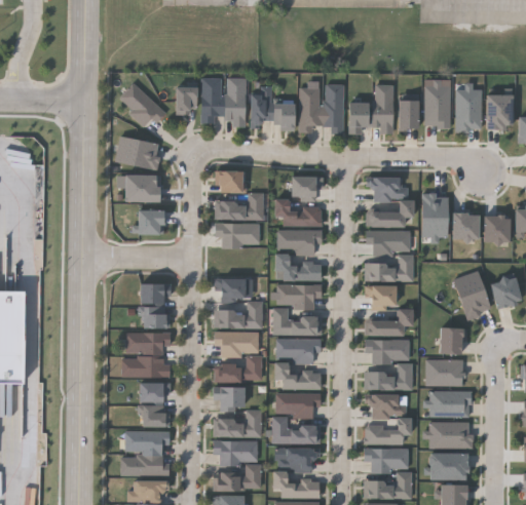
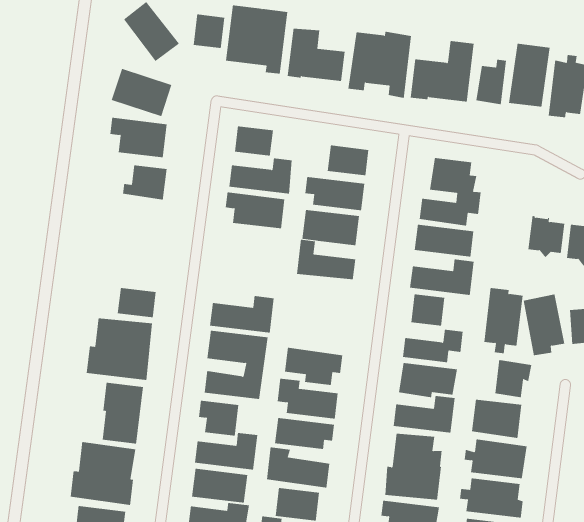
building: [422,194,449,244] -> [483,287,523,354]
building: [213,277,243,299] -> none
building: [139,282,168,303] -> none
building: [273,284,321,335] -> none

